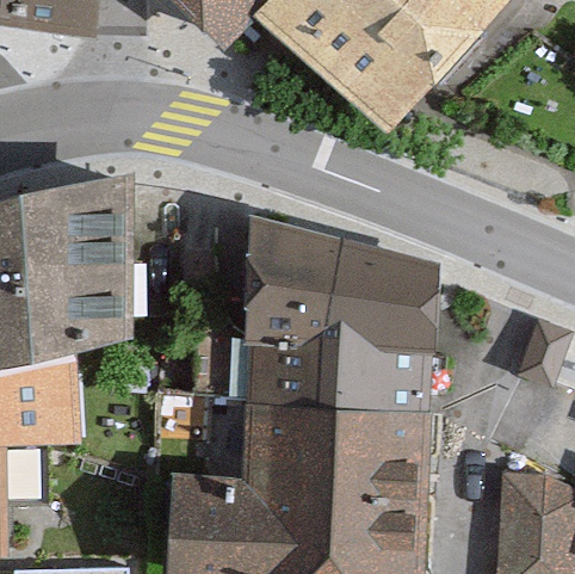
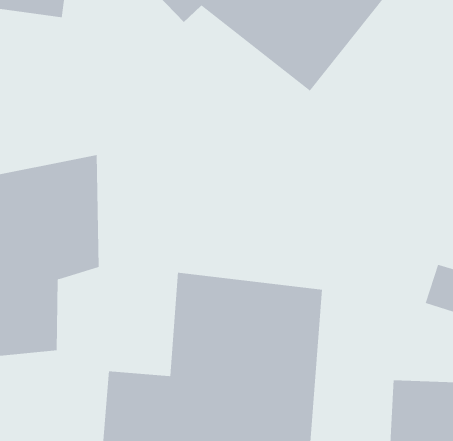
building: [206,224,434,363] -> none

